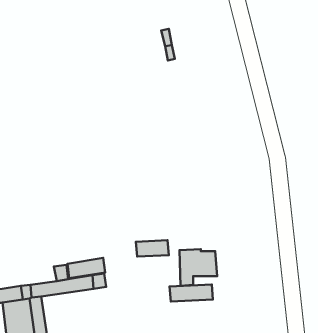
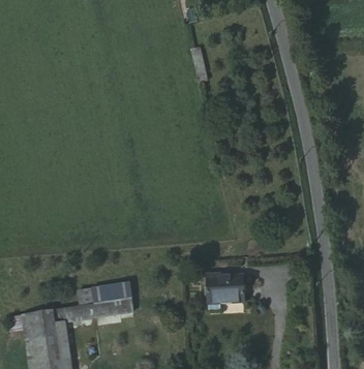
building: [136,240,169,257] -> none
building: [170,285,213,302] -> none

